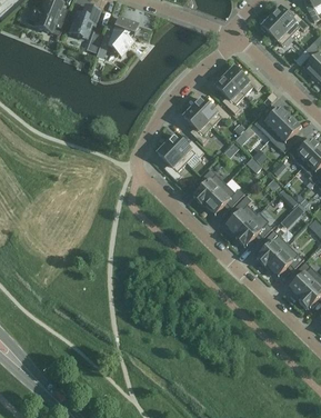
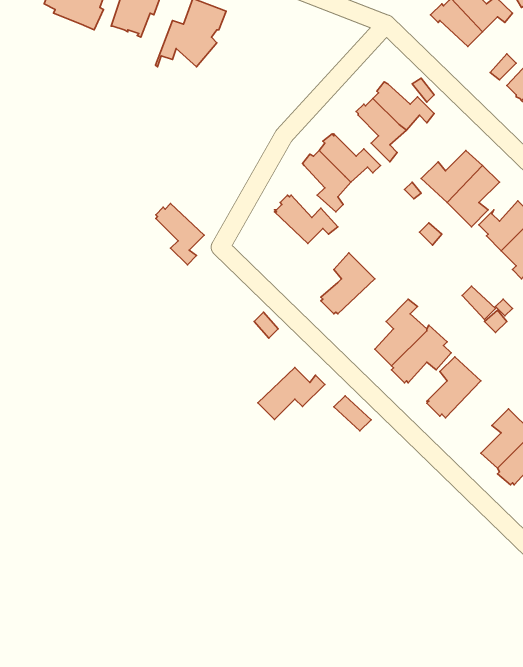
building: [157,143,185,180] -> [156,204,204,265]
building: [203,183,243,215] -> [258,368,325,420]
building: [268,245,303,276] -> none

